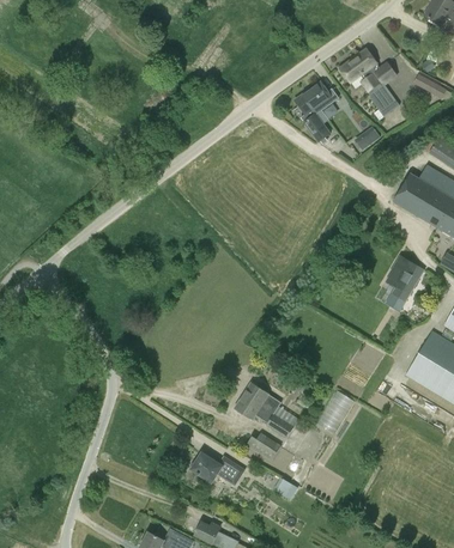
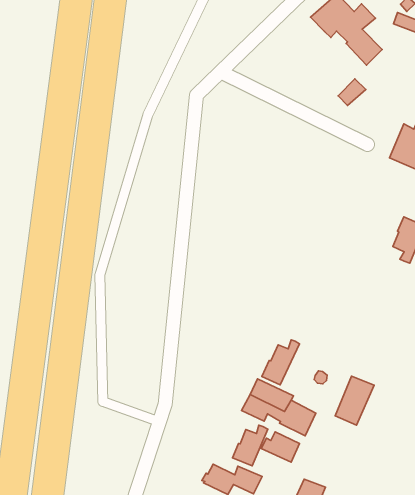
building: [293,81,338,141] -> none
building: none -> [262,340,300,385]
building: none -> [233,425,268,466]

